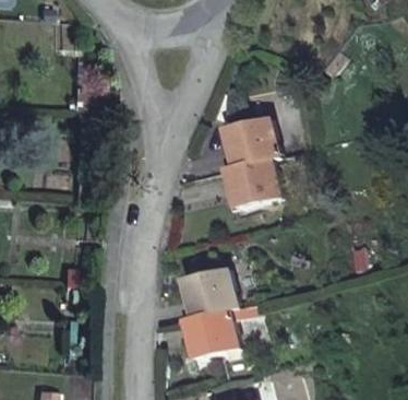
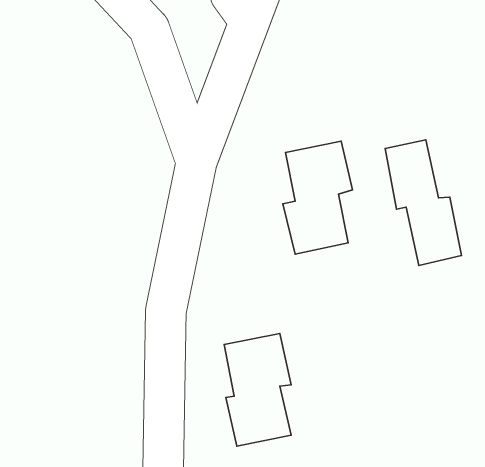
building: none -> [385,140,462,265]

